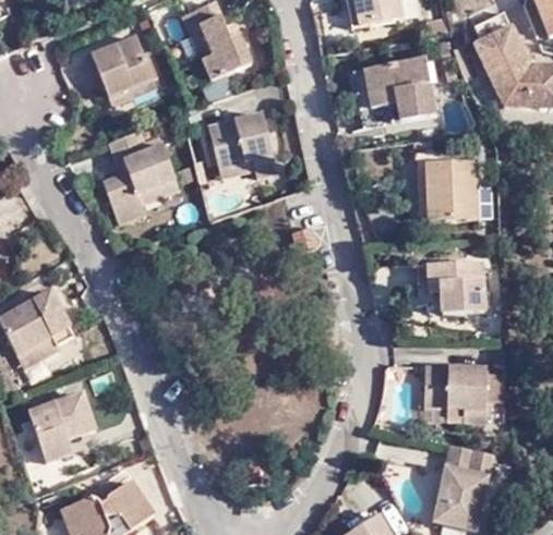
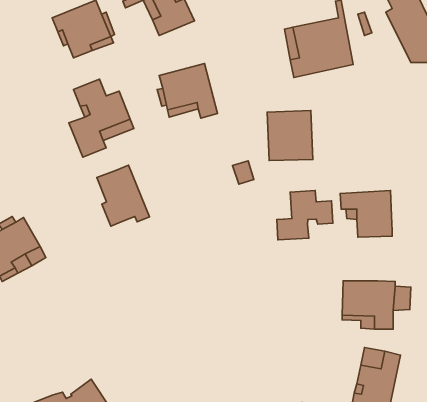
building: [426,159,480,218] -> [267,110,313,161]
building: none -> [97,165,149,226]
building: none -> [277,191,333,240]
building: [29,393,96,461] -> none

